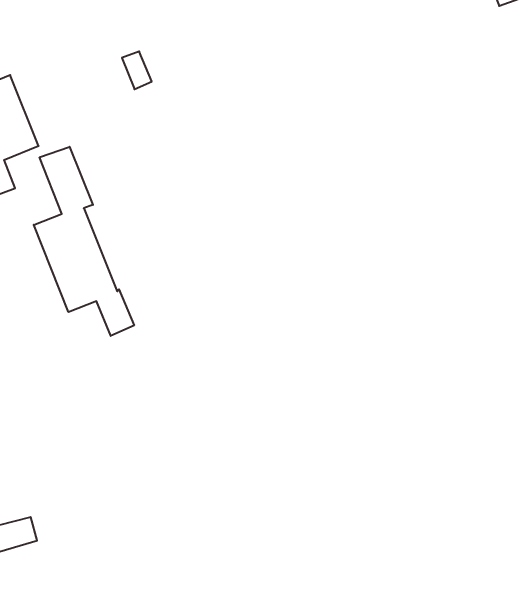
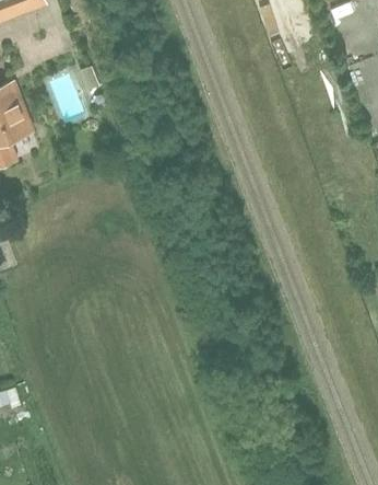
building: [34,147,134,336] -> none

